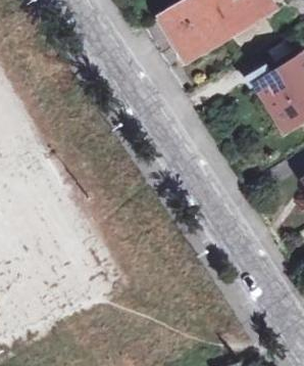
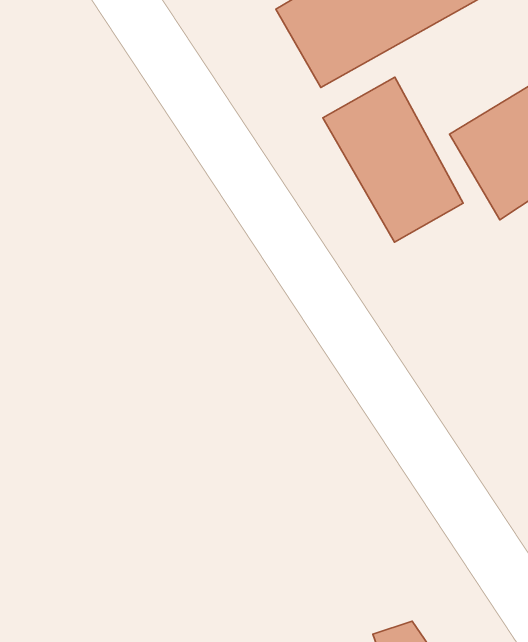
building: none -> [323,77,463,242]

